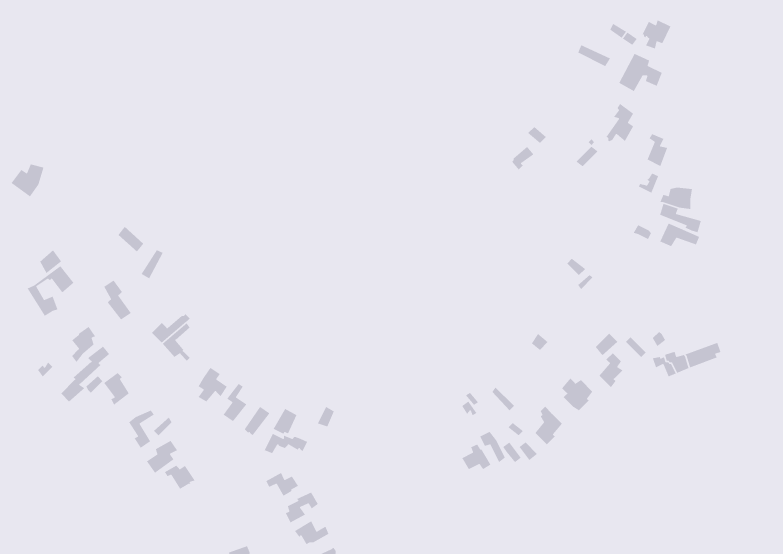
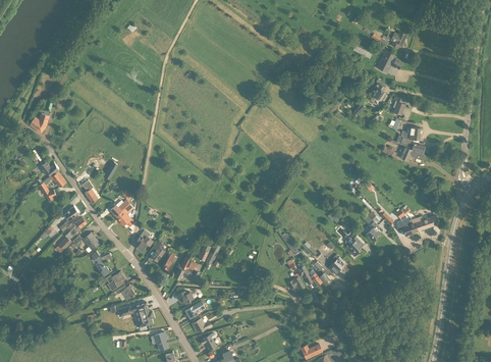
building: none -> [117,301,153,326]

